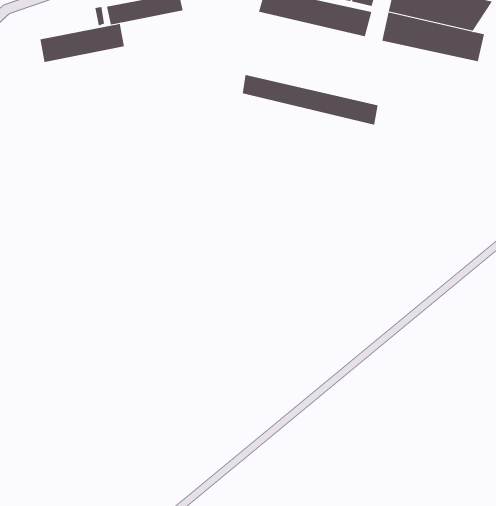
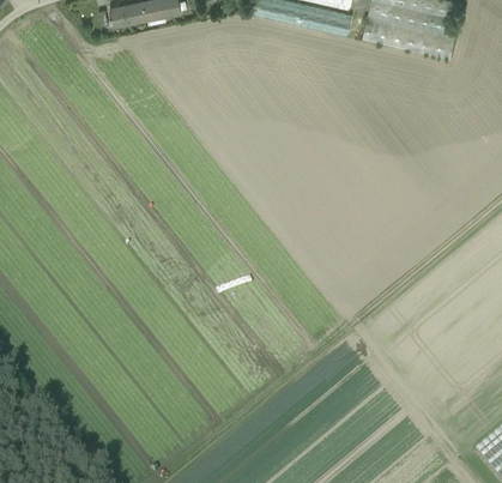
building: [40,23,125,63] -> none
building: [242,74,378,126] -> none

